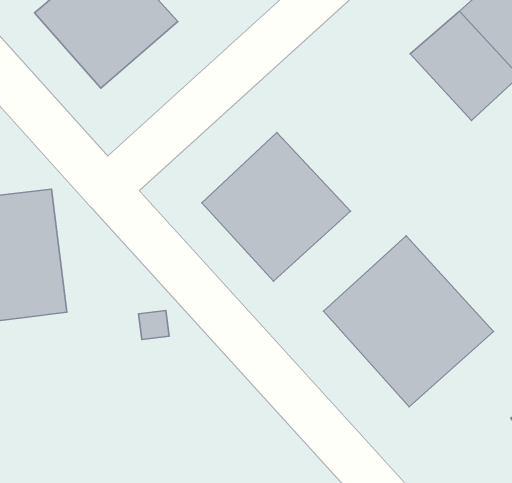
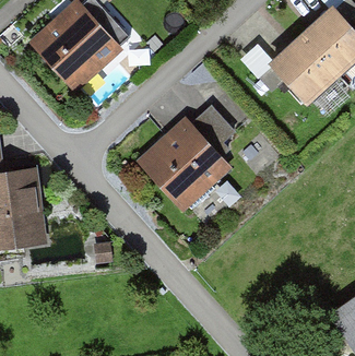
building: none -> [191,107,235,152]
building: [323,236,494,407] -> none

